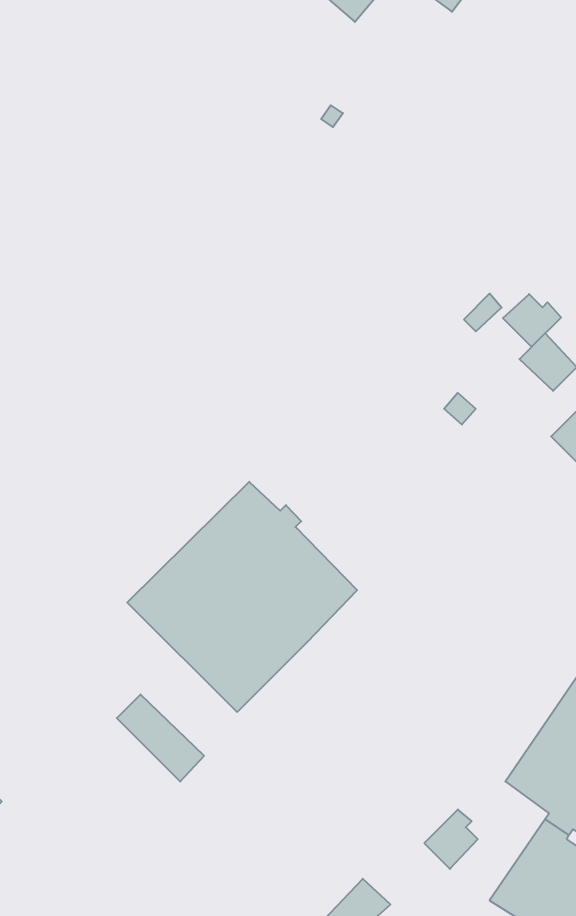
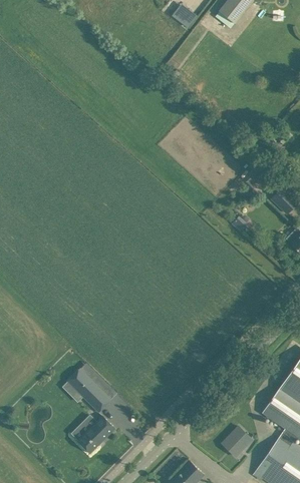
building: [503,294,561,347] -> none
building: [127,482,357,712] -> none
building: none -> [75,415,114,454]

